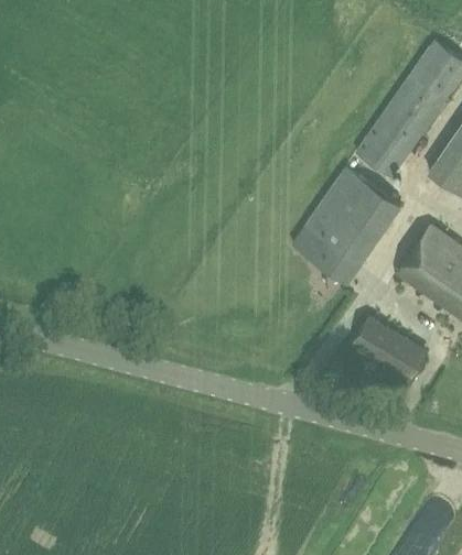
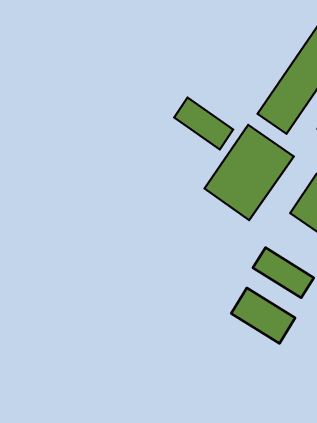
building: none -> [174,98,233,149]
building: none -> [231,288,295,343]

